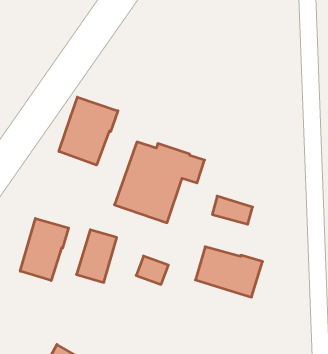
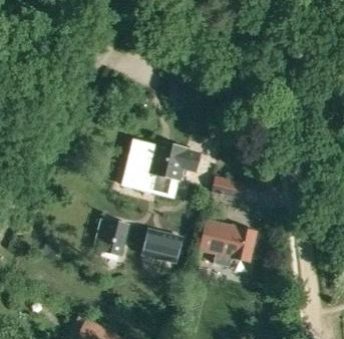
building: [59,97,118,165] -> none
building: [20,218,69,281] -> none

